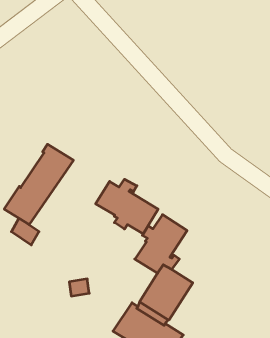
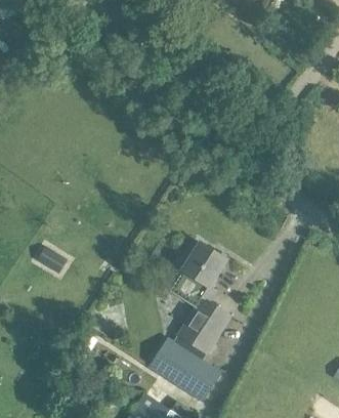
building: [4,144,73,225] -> none
building: [96,179,158,234] -> none

